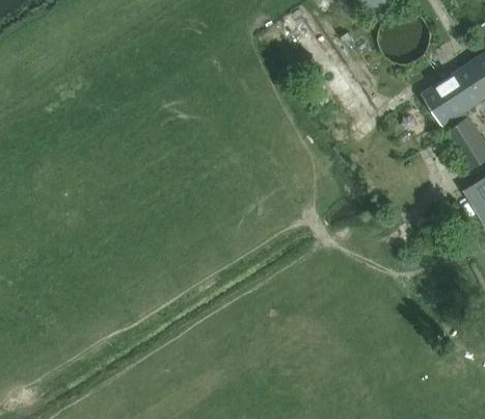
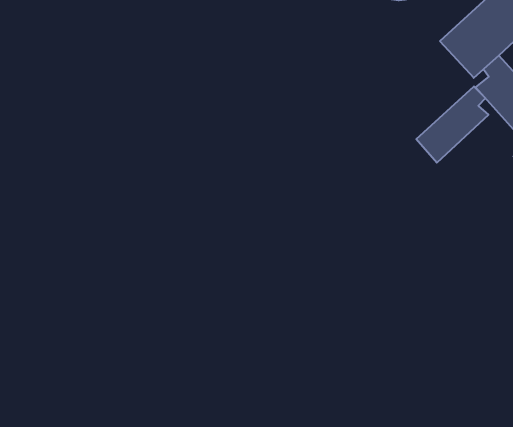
building: none -> [416,86,488,163]

